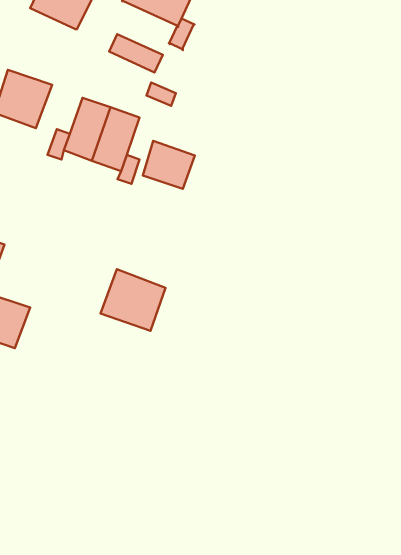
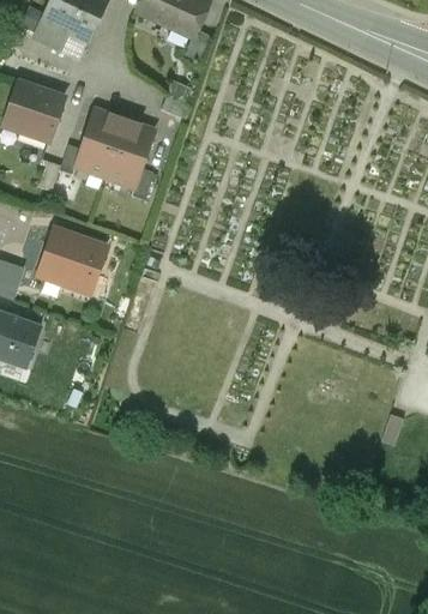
building: [109,34,163,72] -> [32,17,88,56]
building: [143,141,195,189] -> none
building: [100,269,166,331] -> [37,228,104,291]

